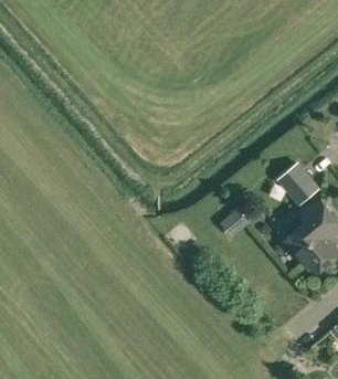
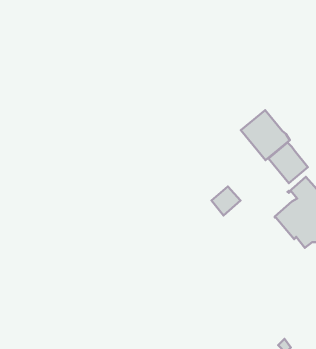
building: none -> [241,110,290,160]

